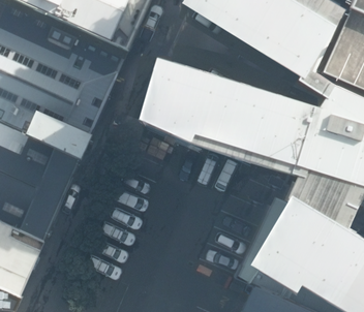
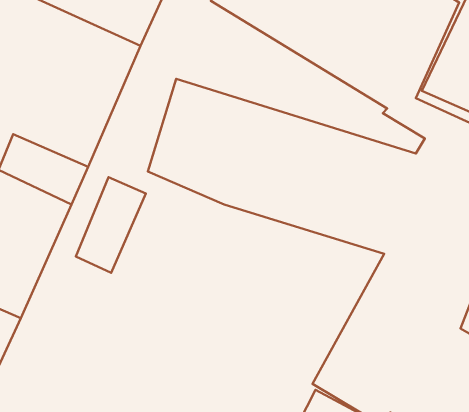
building: none -> [76,177,146,273]

